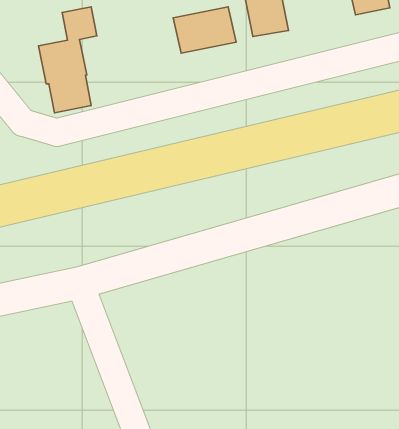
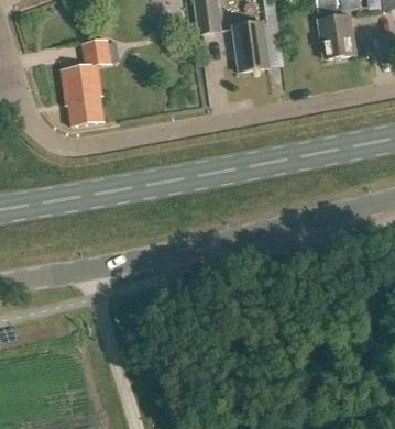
building: [173,7,236,53] -> none

